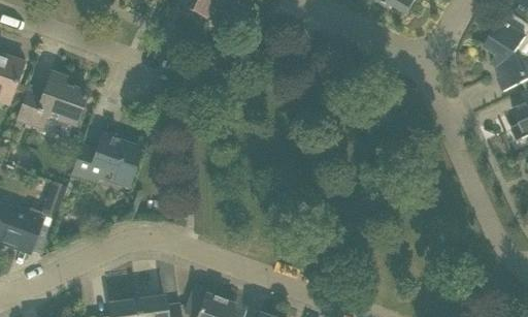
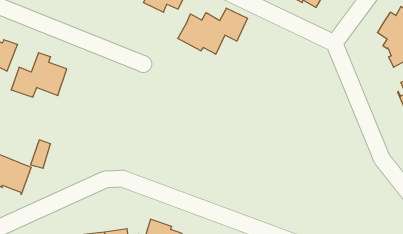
building: none -> [178,8,248,54]
building: [71,134,141,186] -> none

